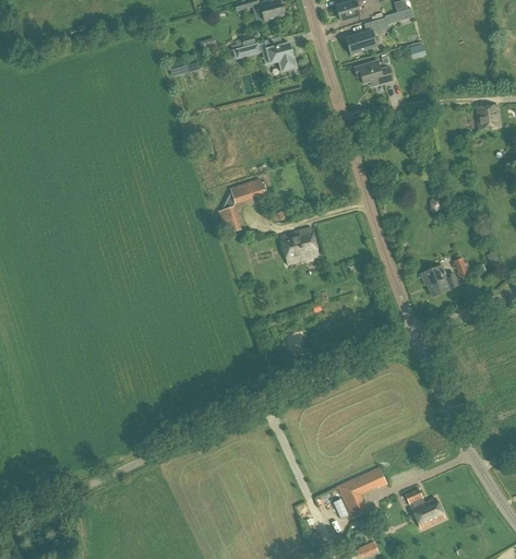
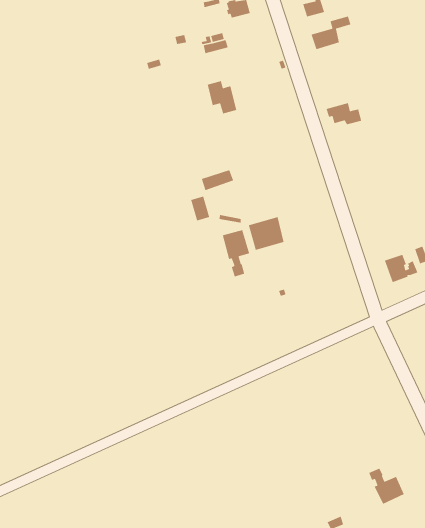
building: [264,36,296,72] -> [207,80,237,115]
building: [355,60,393,84] -> [325,102,362,125]
building: none -> [222,229,250,277]
building: [338,467,385,516] -> none

